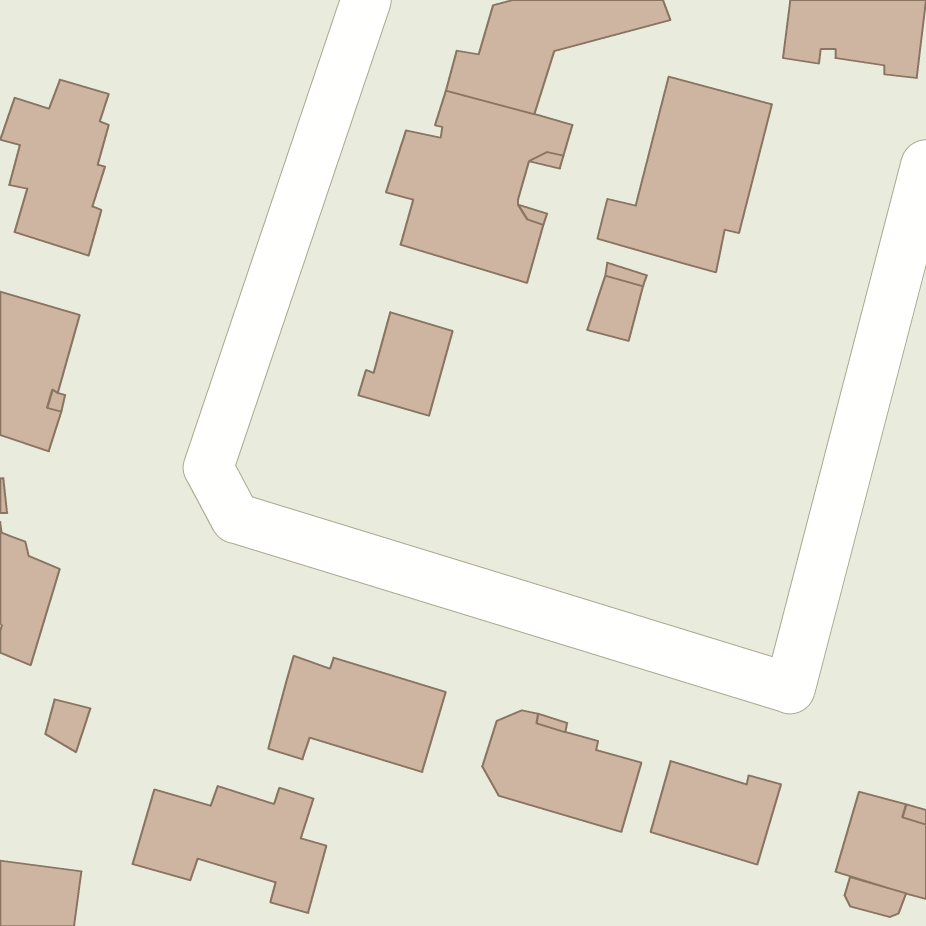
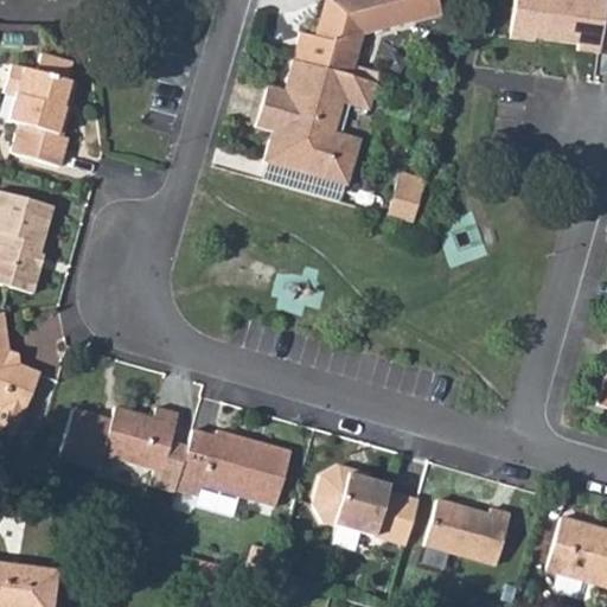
building: [598,77,772,272] -> none
building: [358,312,452,416] -> none
building: [132,786,326,913] -> [60,407,187,490]

